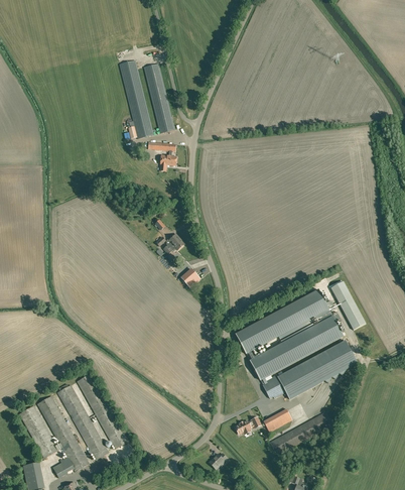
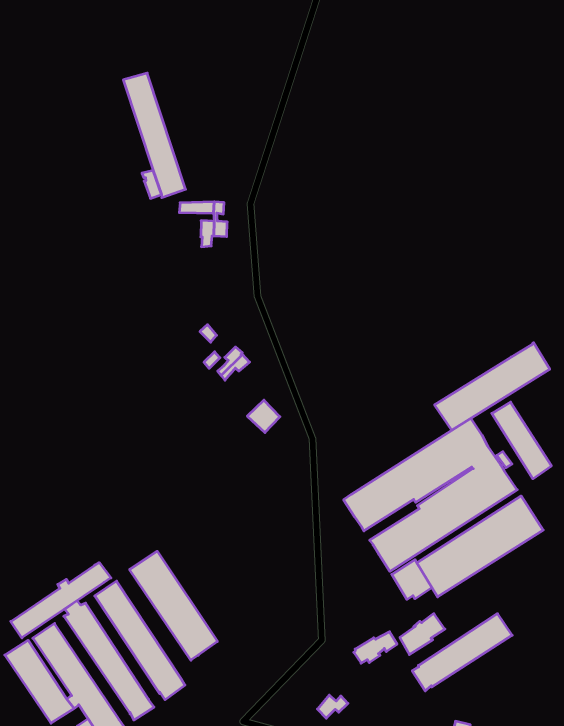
building: [143,64,174,133] -> none
building: none -> [435,343,550,430]
building: none -> [130,551,217,660]
building: none -> [11,563,111,638]

